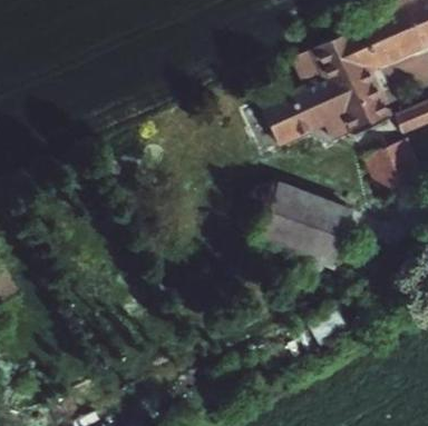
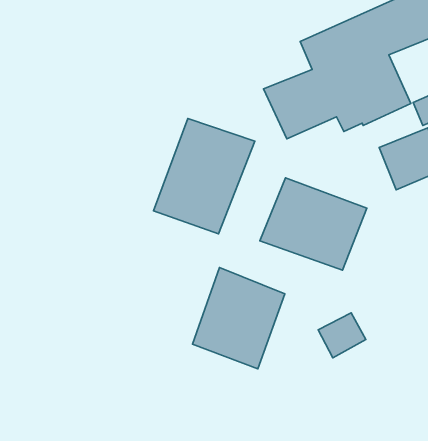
building: none -> [153,118,255,234]
building: none -> [192,267,285,369]

